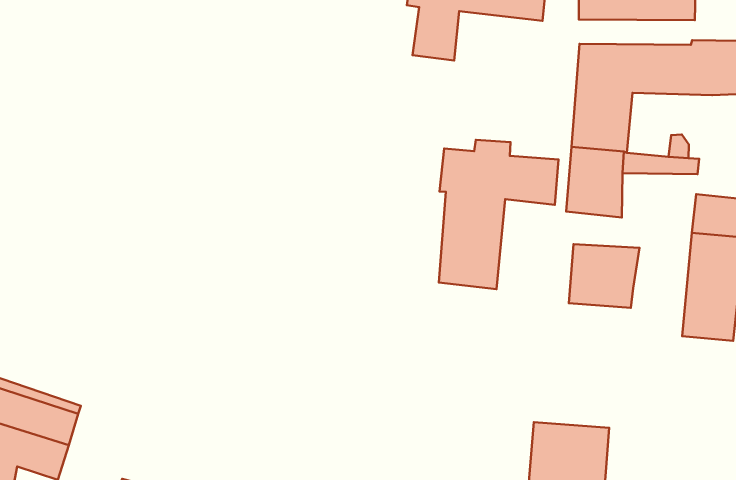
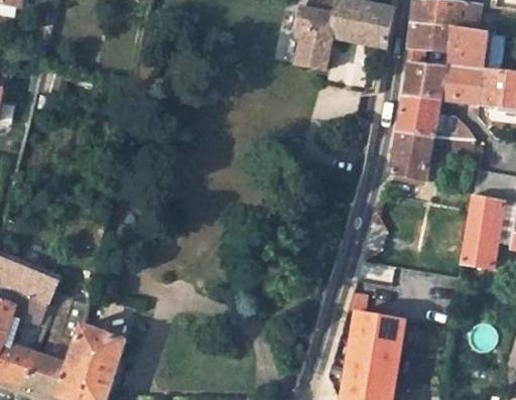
building: [439,140,558,289] -> none
building: [569,244,640,308] -> none

